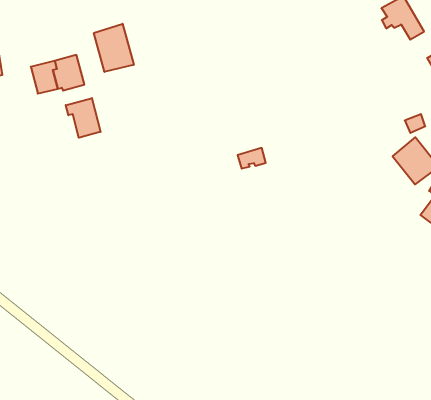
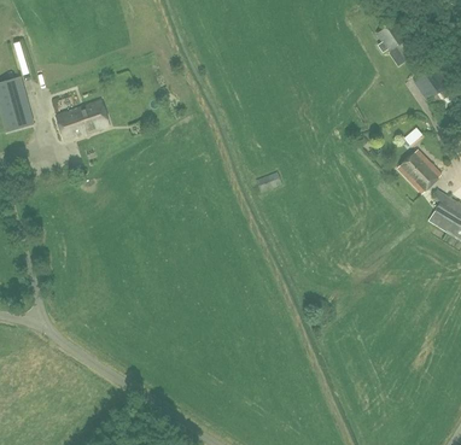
building: [94,24,134,72] -> none
building: [66,98,101,138] -> none

